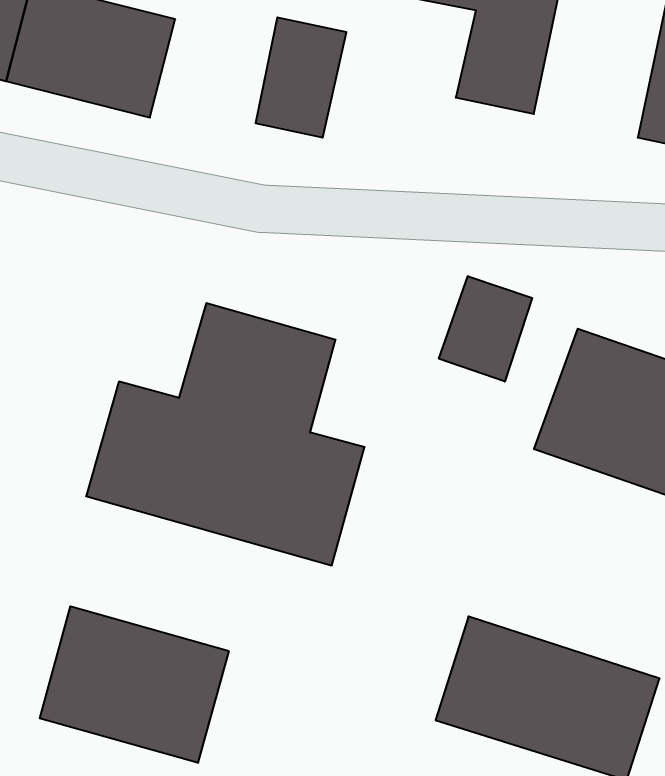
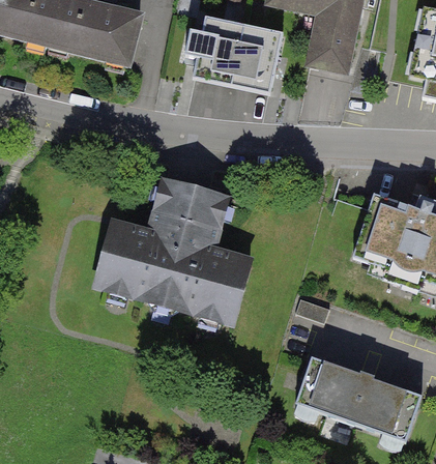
building: none -> [229,22,282,90]
building: [439,276,532,382] -> none
building: [40,606,229,763] -> none

